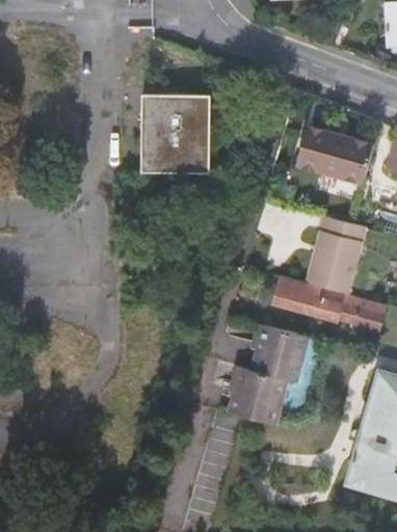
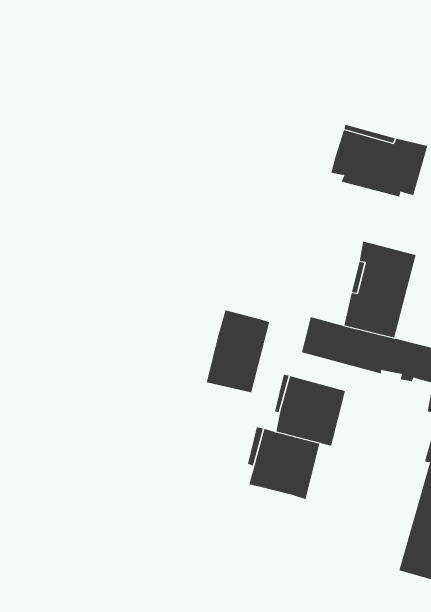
building: [138,97,208,176] -> none
building: none -> [206,310,270,393]

